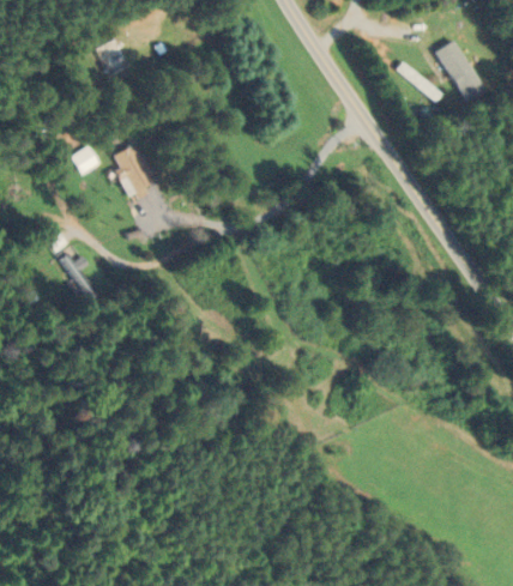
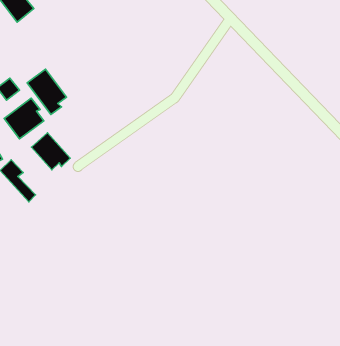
building: none -> [4,98,44,139]
building: none -> [32,133,70,170]

